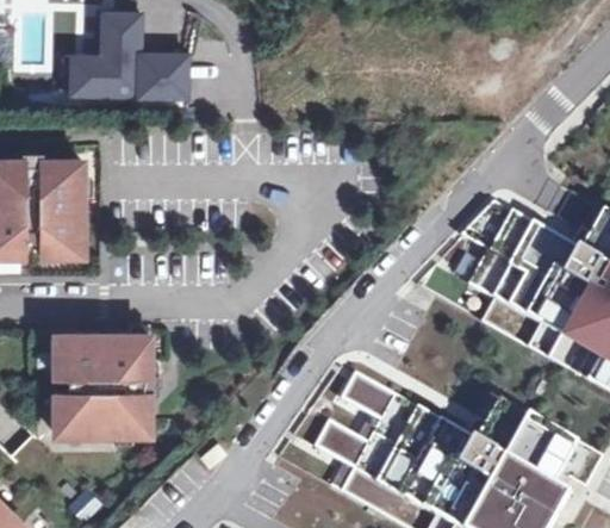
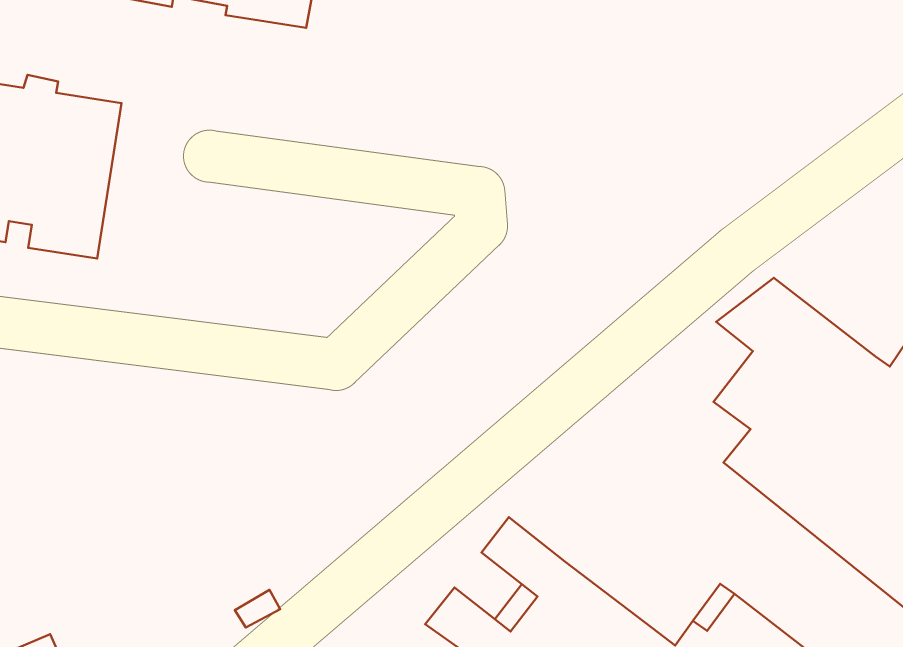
building: [55,336,160,436] -> none

